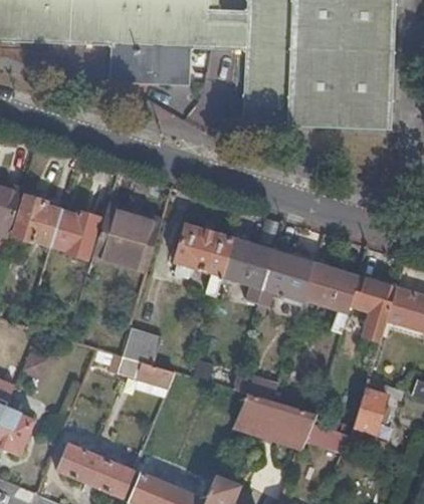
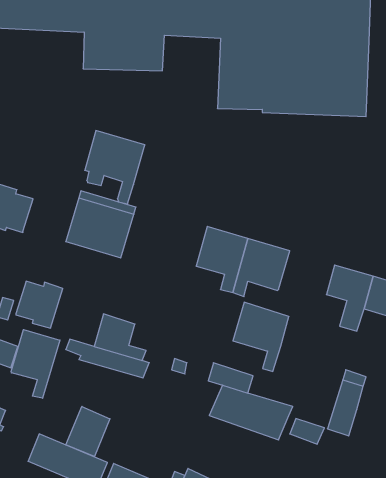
building: [51,211,97,257] -> [16,281,63,328]
building: [174,224,233,296] -> [85,131,145,204]
building: [303,262,359,330] -> [233,302,289,371]
building: none -> [11,330,60,398]
building: none -> [66,406,110,456]

